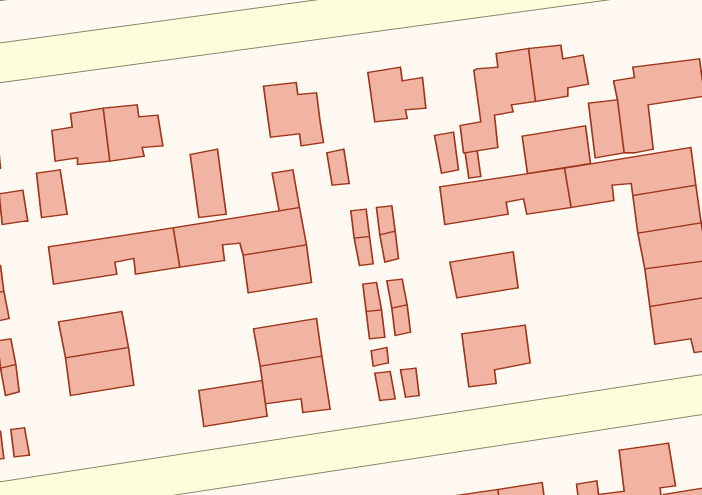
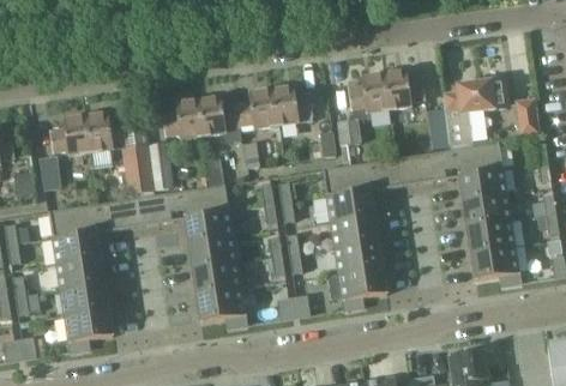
building: none -> [236,89,277,127]
building: none -> [163,98,204,138]
building: [522,126,591,174] -> [326,188,374,222]
building: none -> [124,146,153,194]
building: none -> [52,230,100,264]
building: none -> [335,240,383,272]
building: [199,380,267,427] -> [188,236,236,269]
building: none -> [64,308,112,351]

